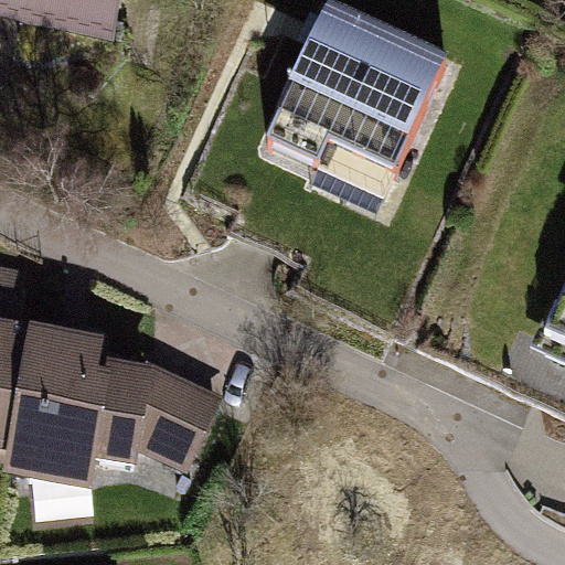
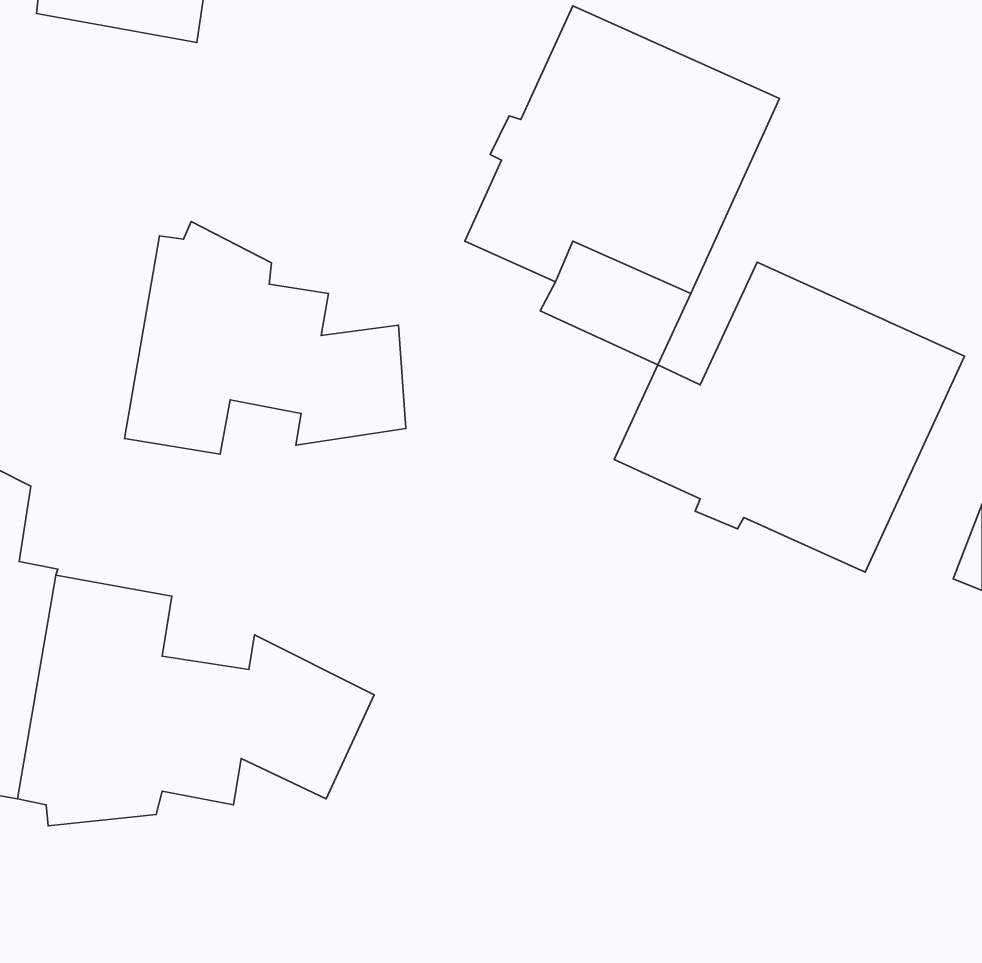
building: none -> [124,222,406,454]
building: none -> [614,262,964,572]

